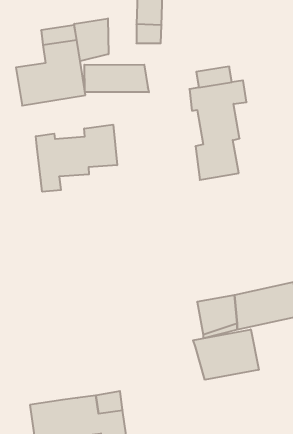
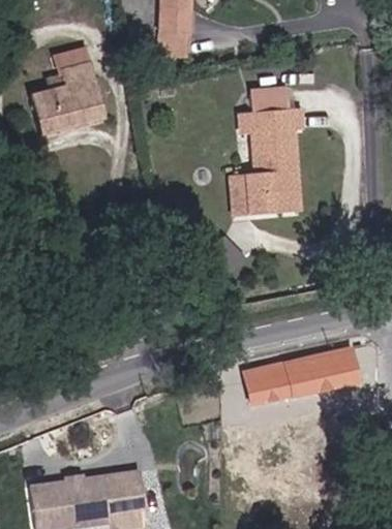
building: [74,18,108,61] -> none
building: [84,65,149,92] -> none
building: [36,125,117,192] -> none
building: [193,329,259,380] -> none

